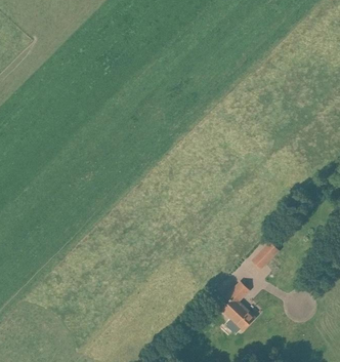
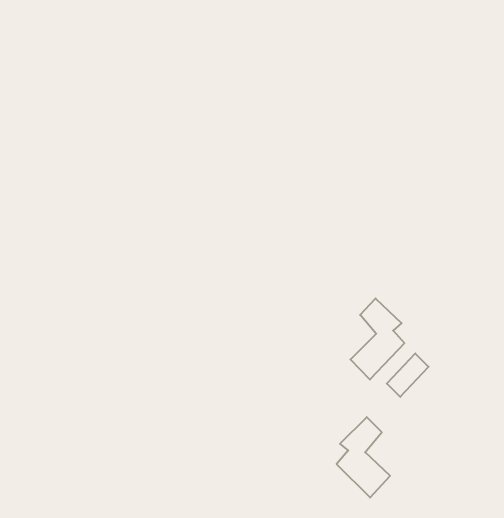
building: none -> [350,298,404,380]

